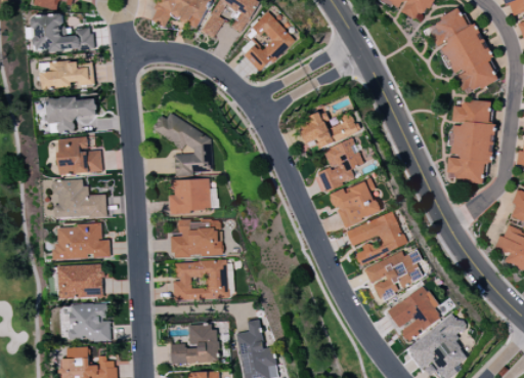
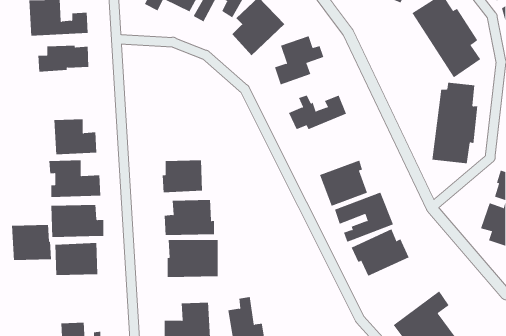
building: [47,97,97,133] -> none
building: [152,113,213,173] -> none
building: [317,139,368,191] -> [274,35,324,85]
building: [386,287,441,340] -> none
building: [69,303,111,340] -> [11,224,52,260]

